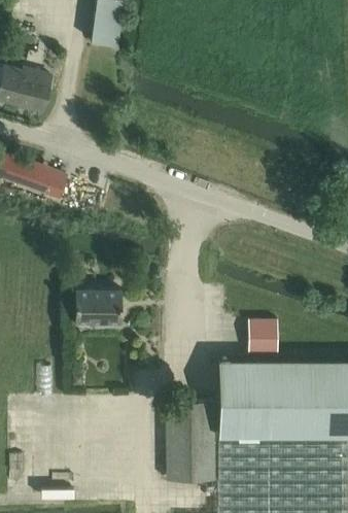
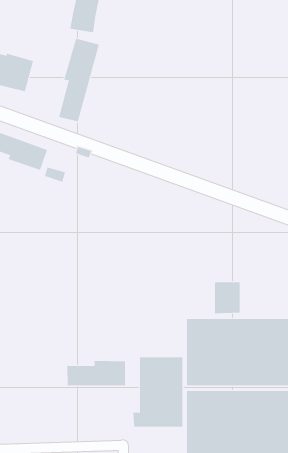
building: none -> [58,38,99,122]
building: [76,290,121,324] -> none
building: none -> [67,360,126,386]

